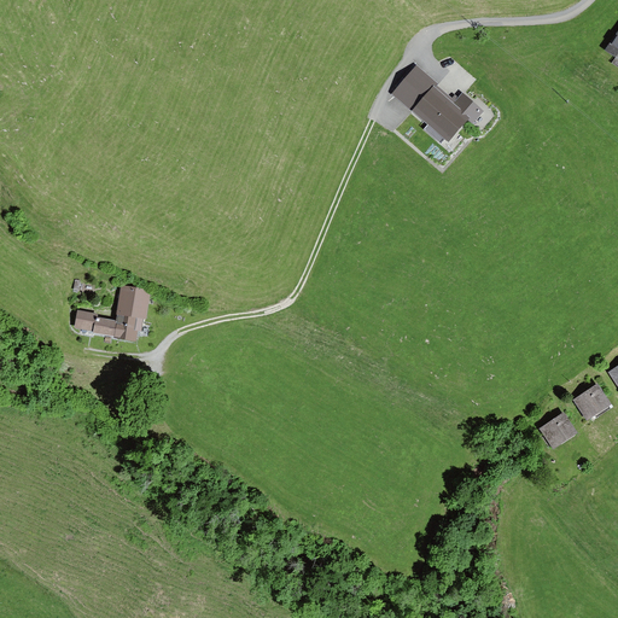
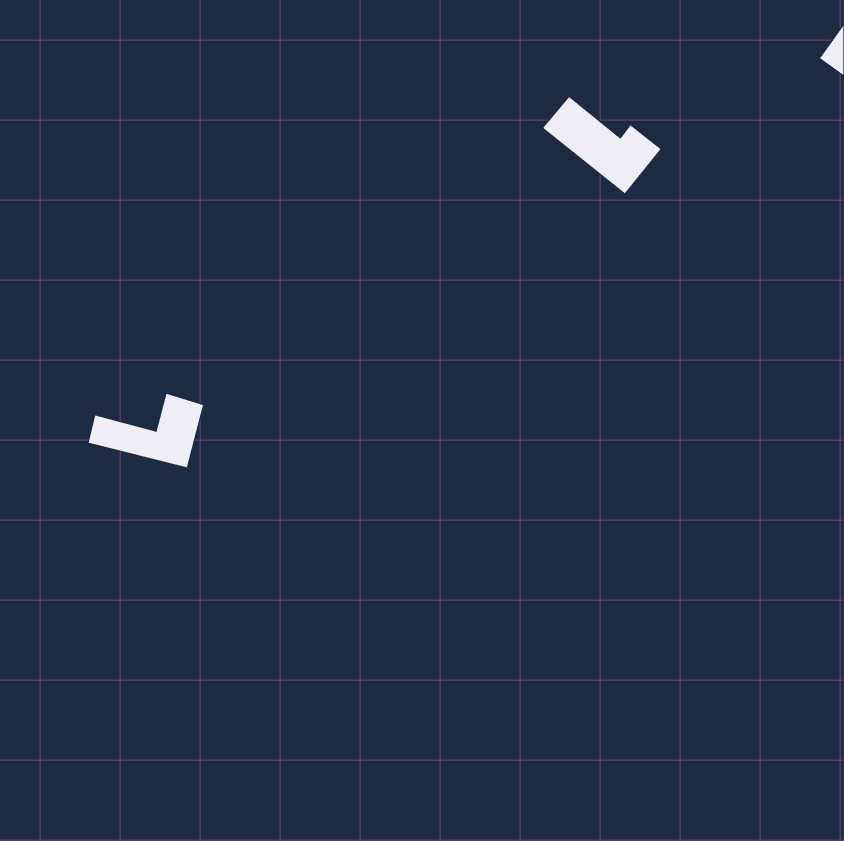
building: [573,386,610,421] -> none
building: [541,415,576,448] -> none

